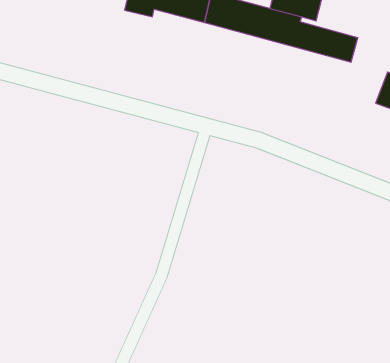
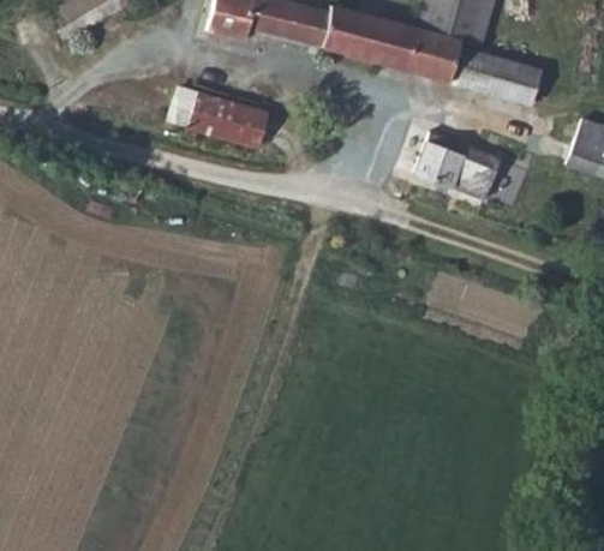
building: none -> [171,88,269,148]
building: none -> [415,131,501,199]

